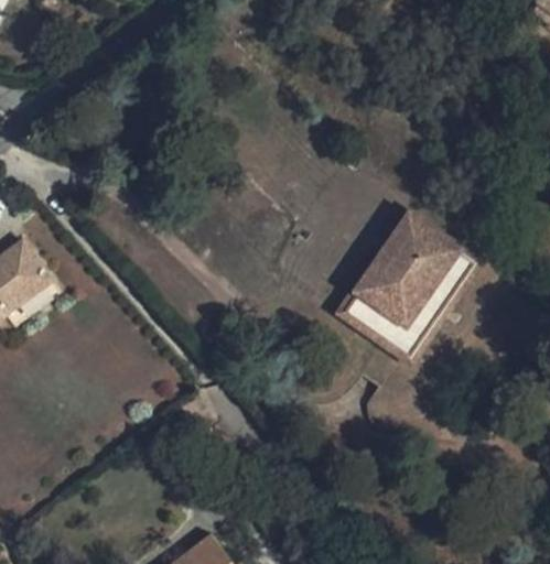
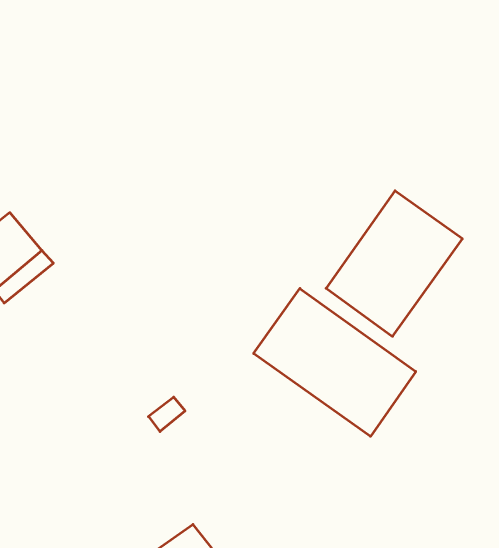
building: none -> [254,288,416,436]

